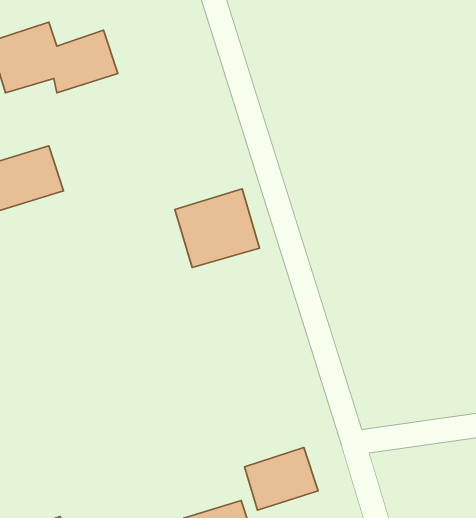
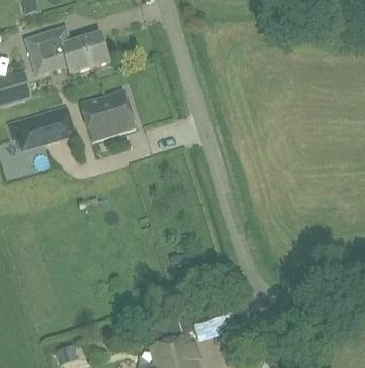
building: [175,189,260,267] -> [79,88,134,139]

